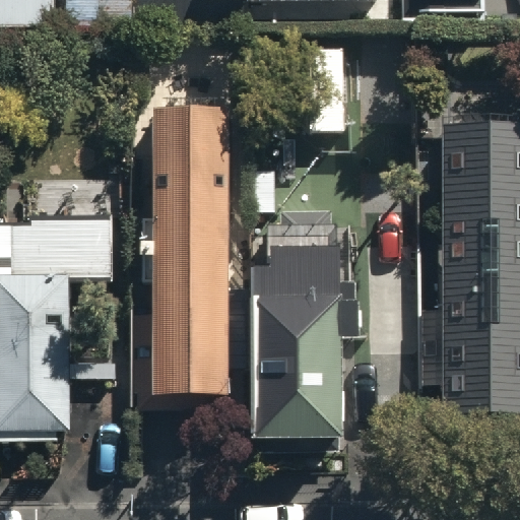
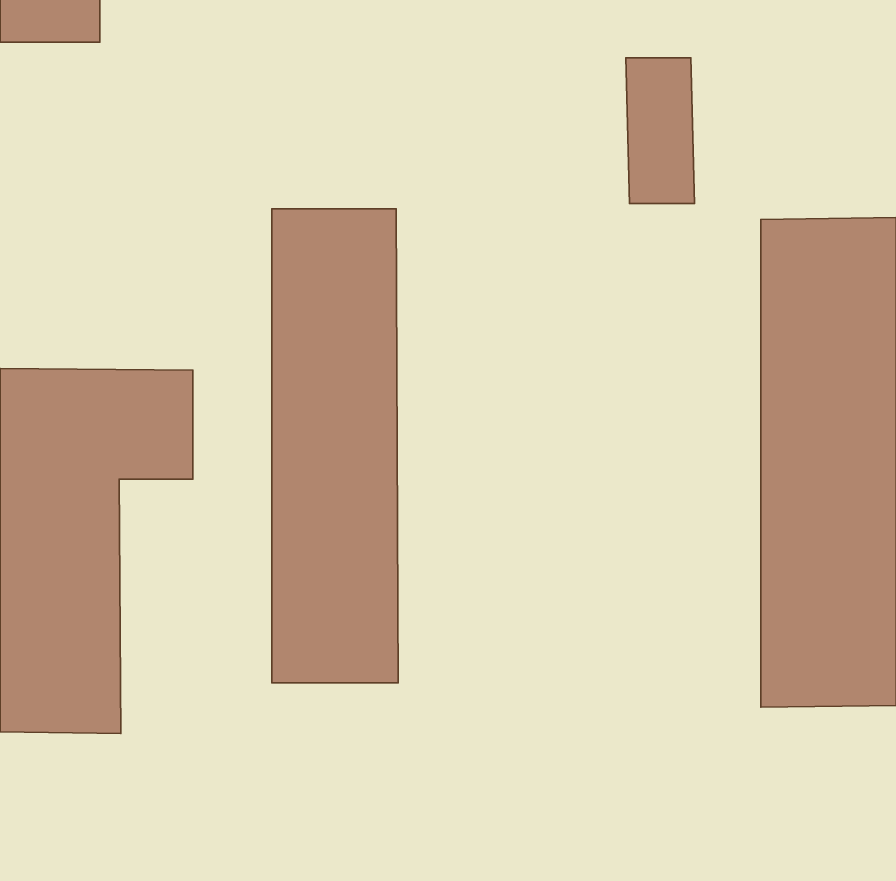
building: [253,221,338,442] -> none

